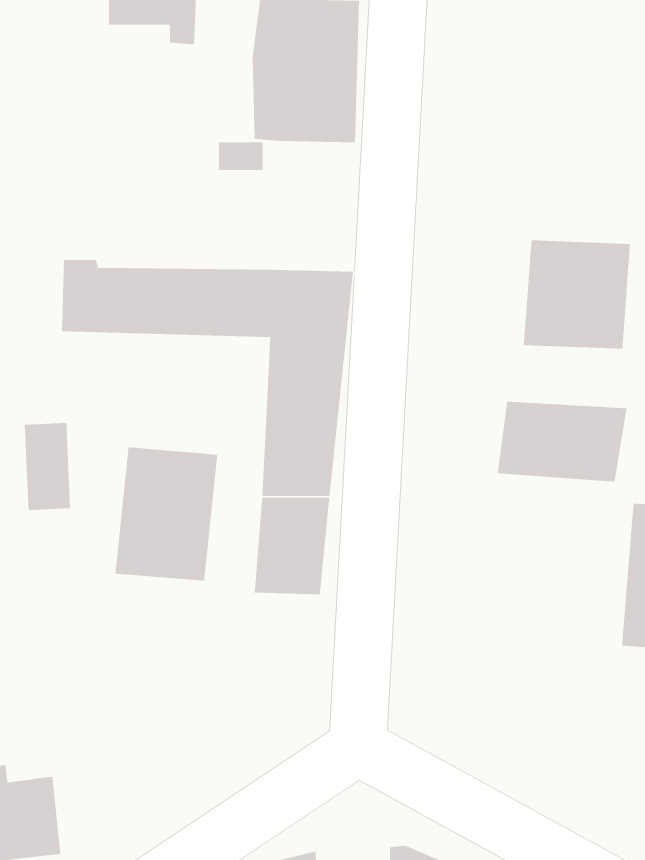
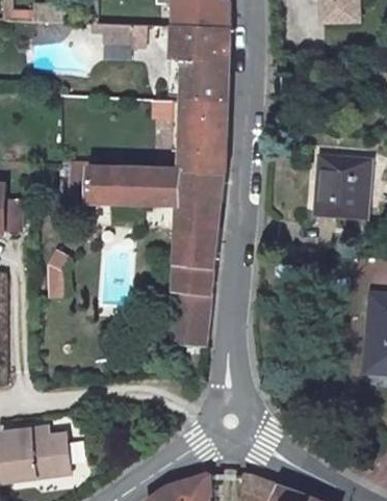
building: none -> [182,100,225,168]
building: [497,401,627,482] -> none
building: [115,447,218,582] -> none

